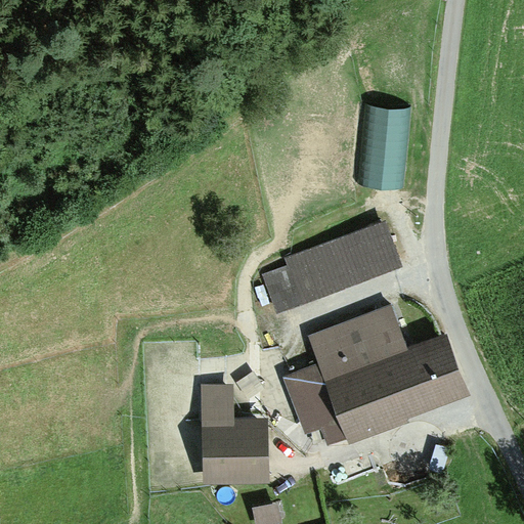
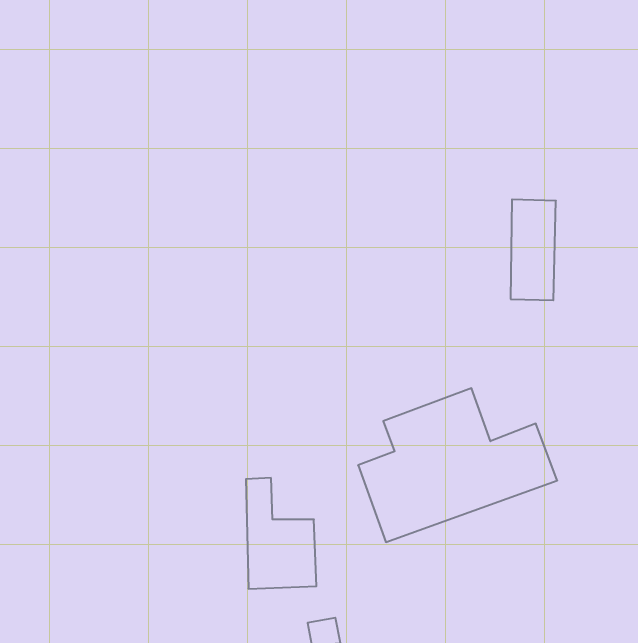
building: [370,106,407,188] -> [511,199,556,300]
building: [269,230,393,304] -> none

